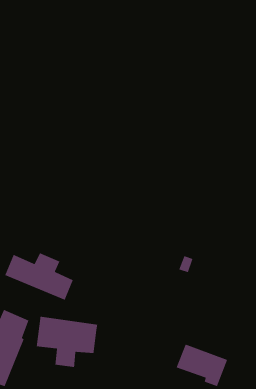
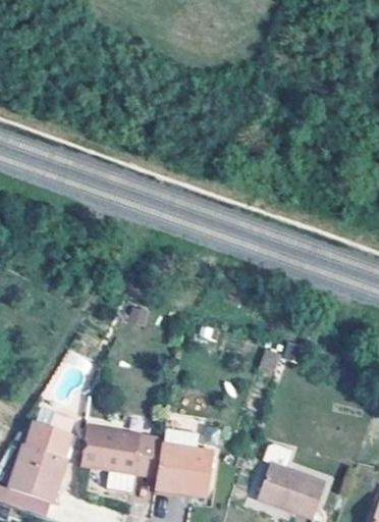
building: [4,252,74,301] -> none
building: none -> [154,443,211,494]

